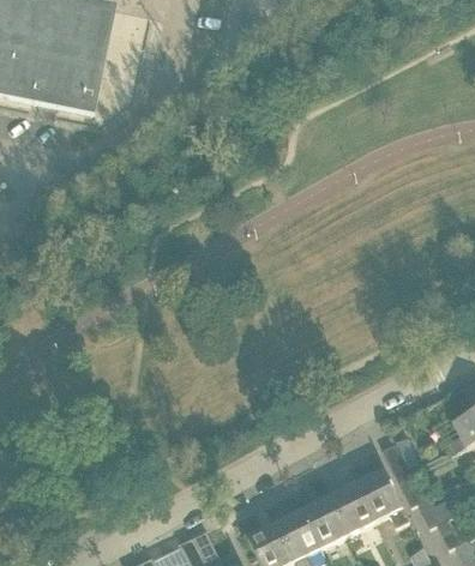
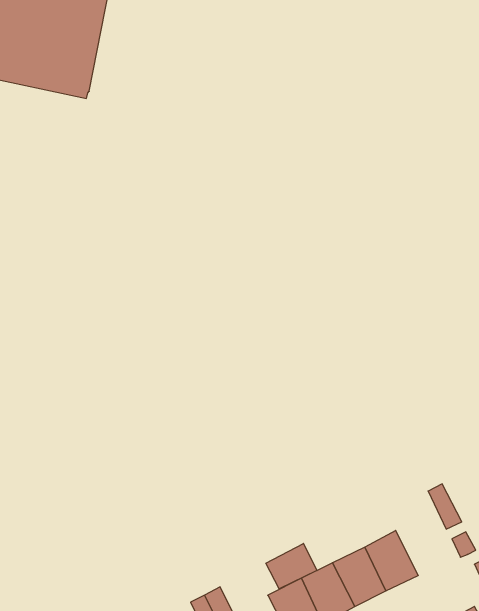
building: [355,468,409,525] -> none
building: none -> [266,543,317,589]

